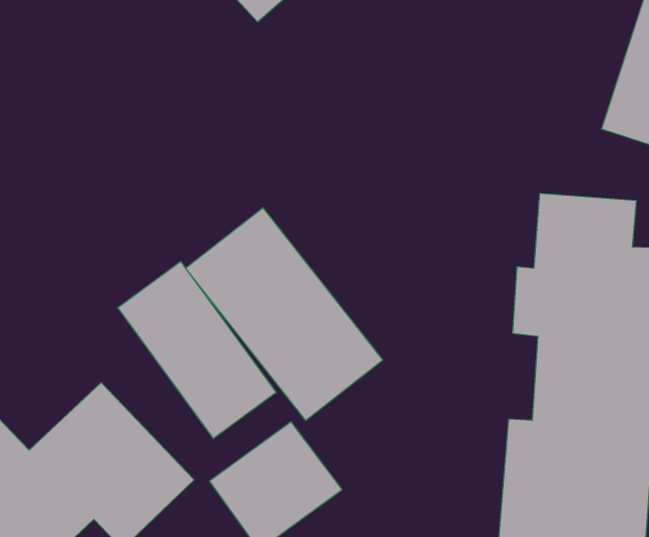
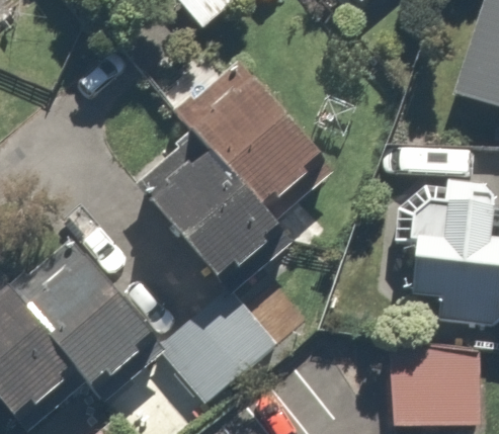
building: none -> [173,55,335,231]
building: [118,262,276,439] -> none

